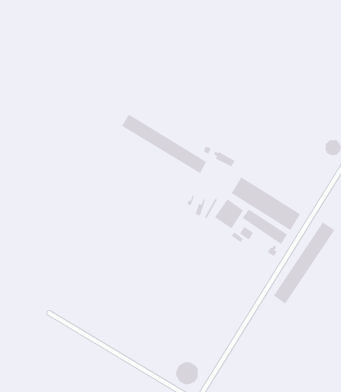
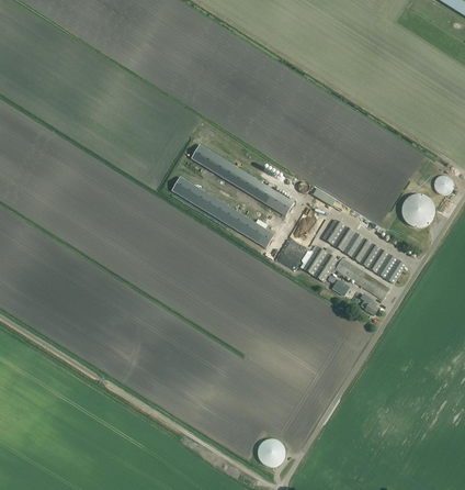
building: none -> [171,176,273,247]
building: none -> [400,193,433,226]
building: [273,221,335,304] -> none

